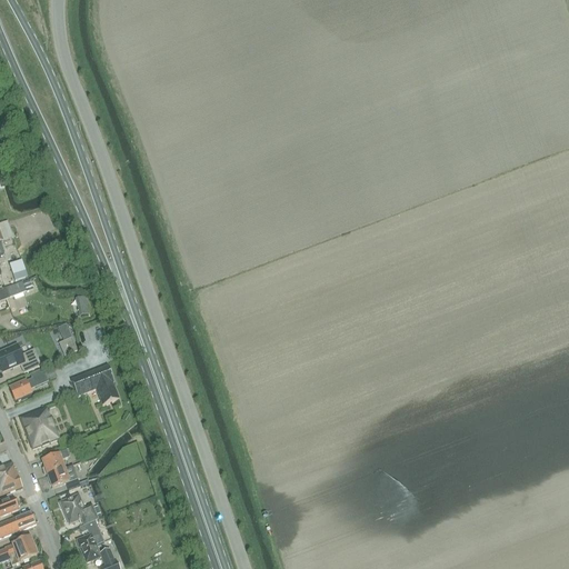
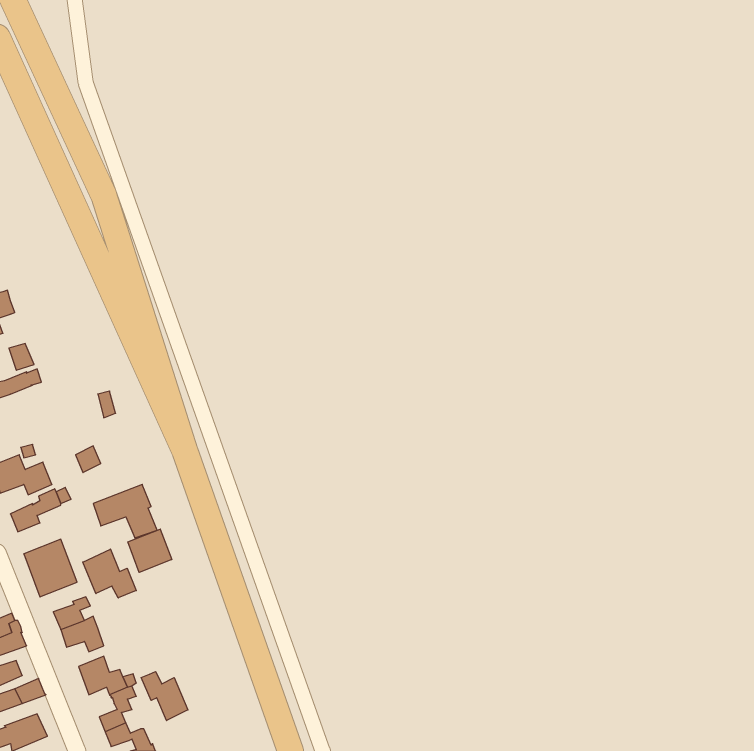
building: none -> [128,529,172,572]
building: none -> [83,549,136,598]
building: none -> [141,672,188,721]

